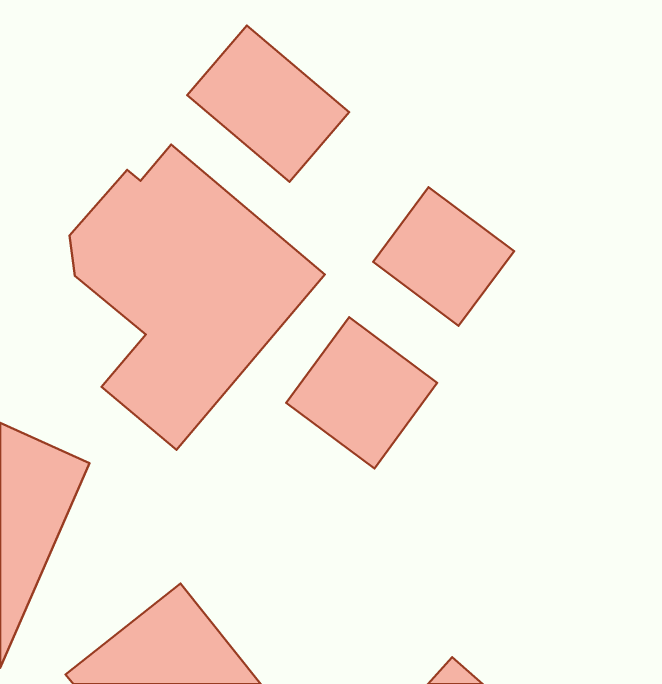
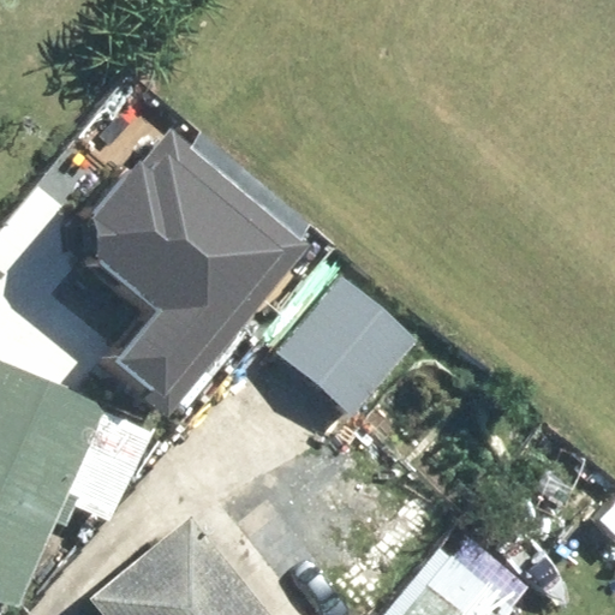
building: [187,25,349,182] -> none
building: [373,187,514,326] -> none

